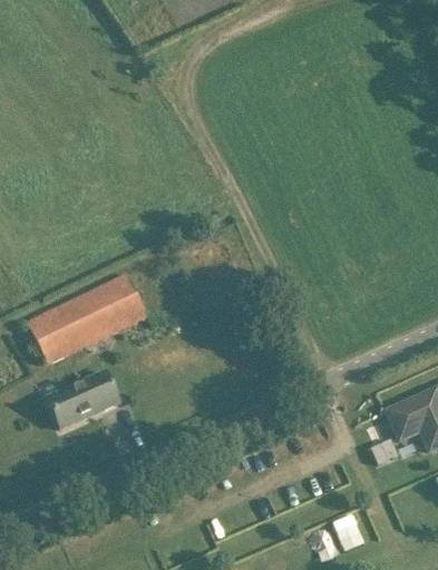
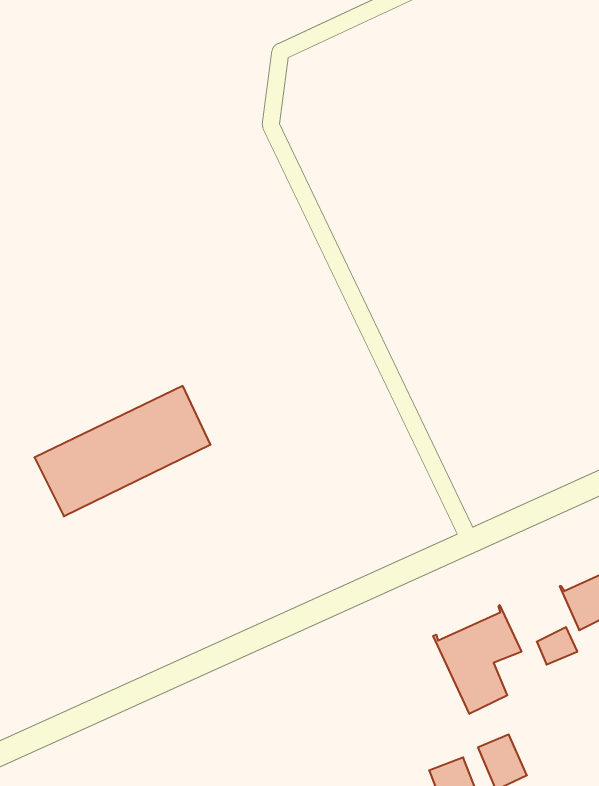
building: [47,371,119,428] -> none
building: none -> [433,605,521,714]

